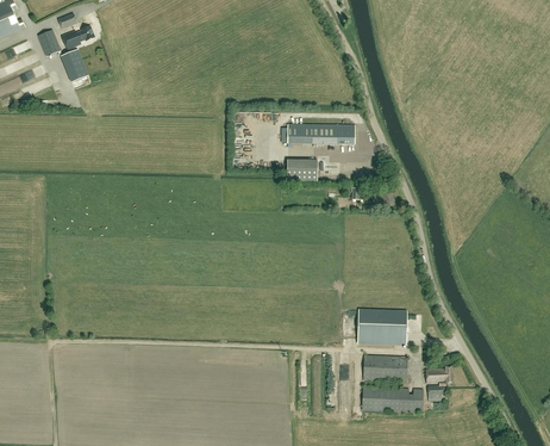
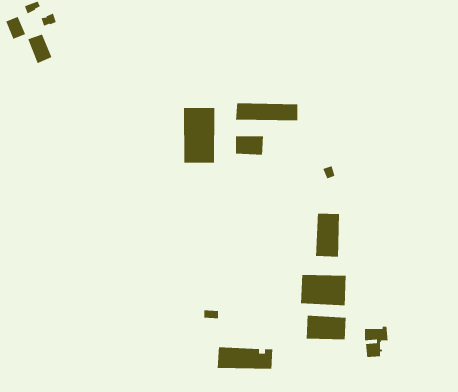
building: none -> [183,107,215,164]
building: none -> [315,213,340,257]
building: [361,386,421,411] -> [217,346,273,369]

